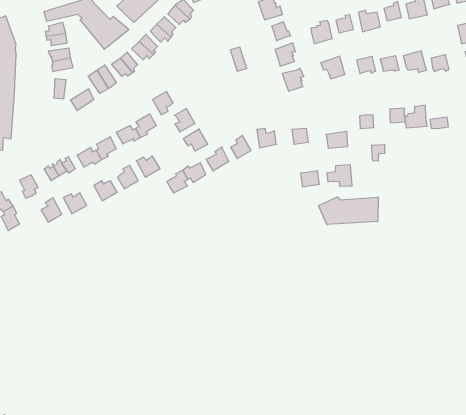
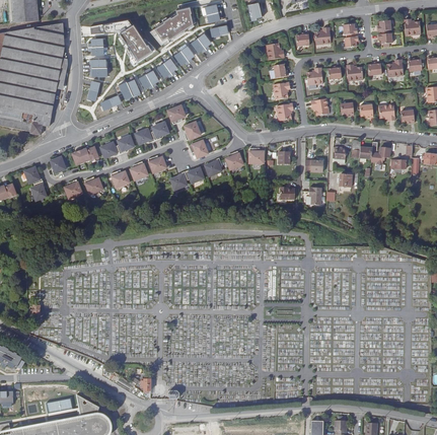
building: [318,197,378,225] -> none

